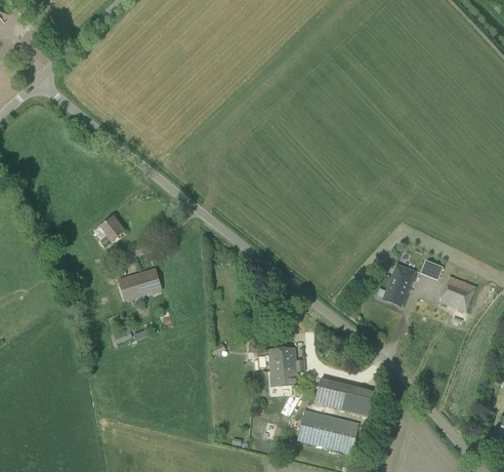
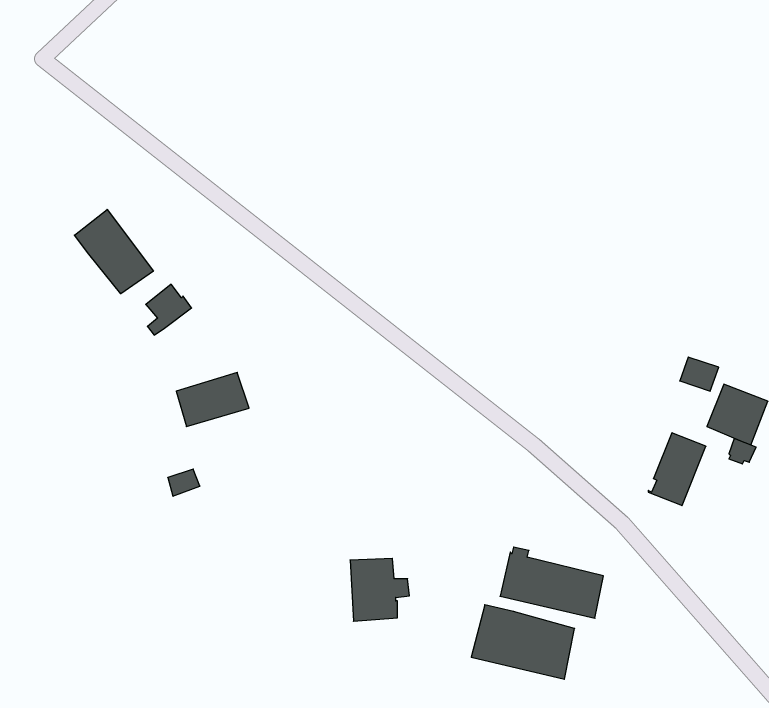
building: none -> [74,209,153,294]
building: [382,263,417,307] -> [648,433,706,506]
building: [269,348,305,386] -> [350,558,409,621]

